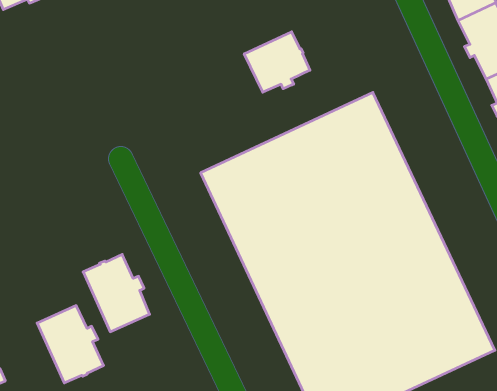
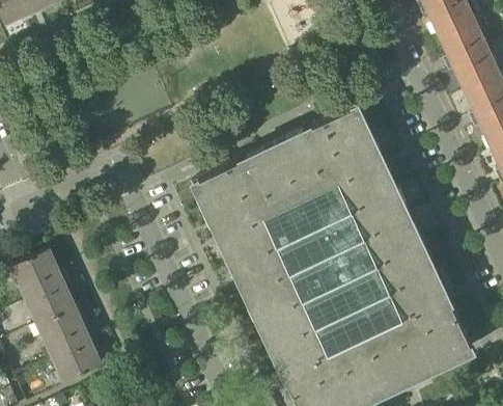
building: [244,32,310,92] -> none
building: [83,254,150,332] -> [11,252,75,326]

